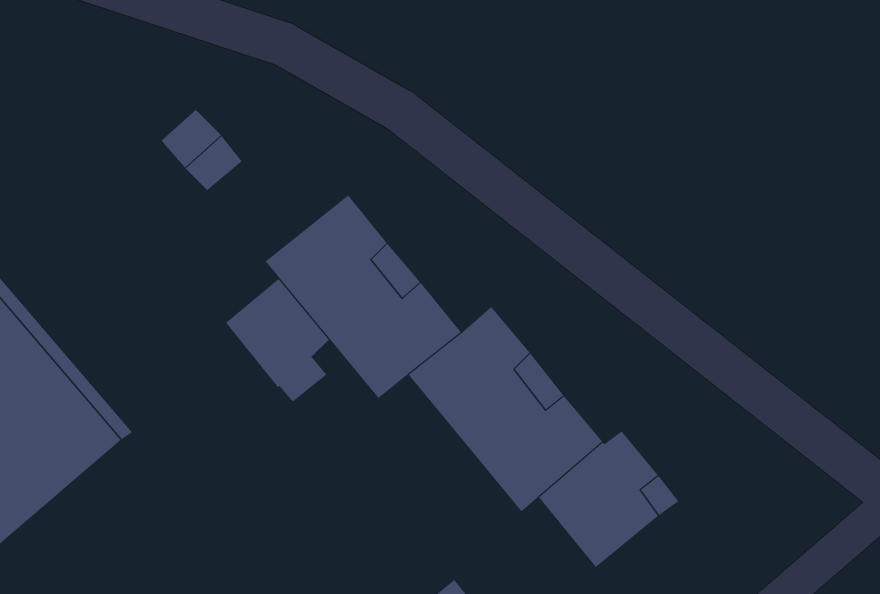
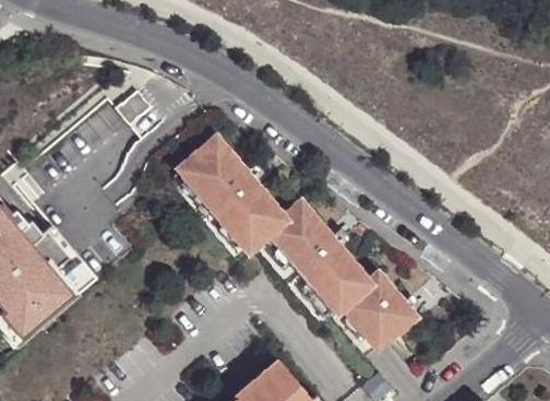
building: [225,278,329,403] -> none

